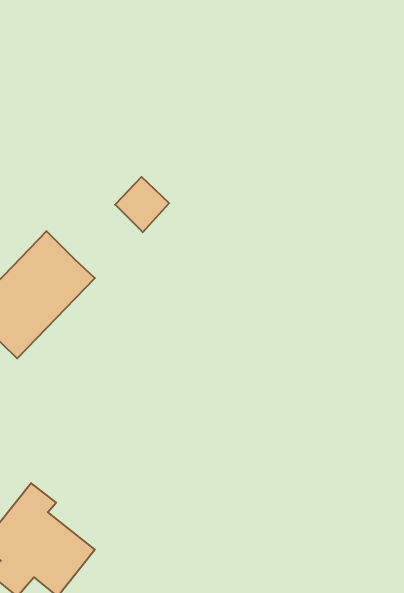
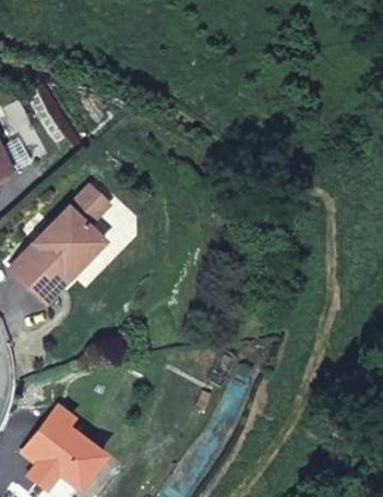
building: [115,177,169,232] -> [69,183,111,227]

